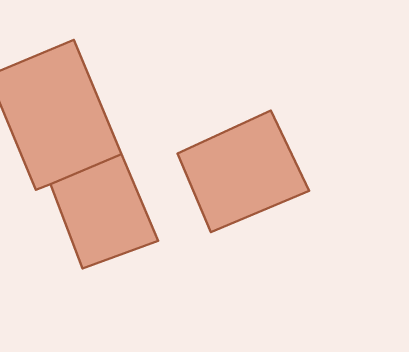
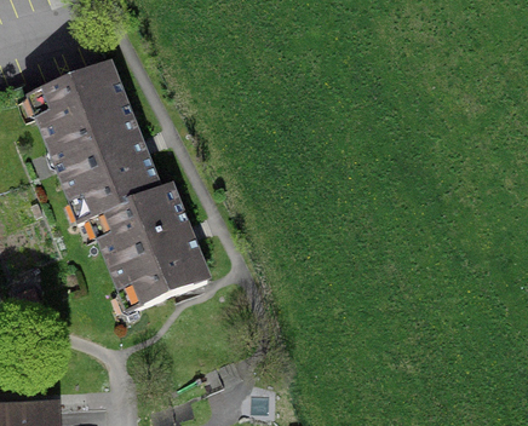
building: [178,111,309,232] -> none

